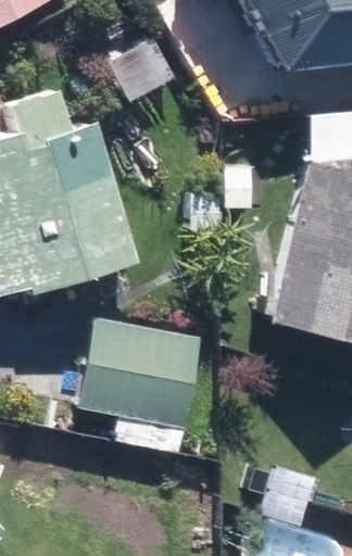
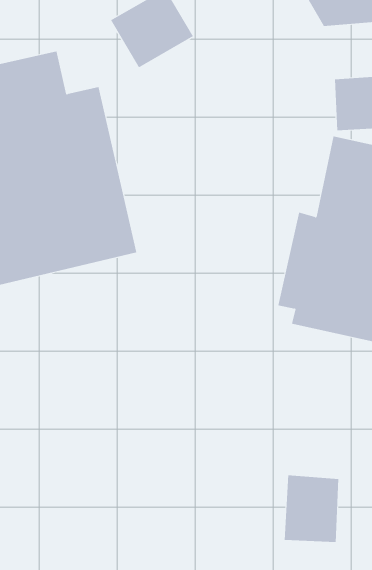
building: [80,314,202,458] -> none

